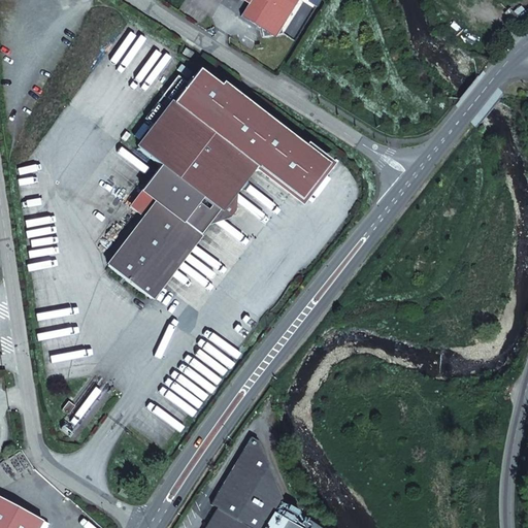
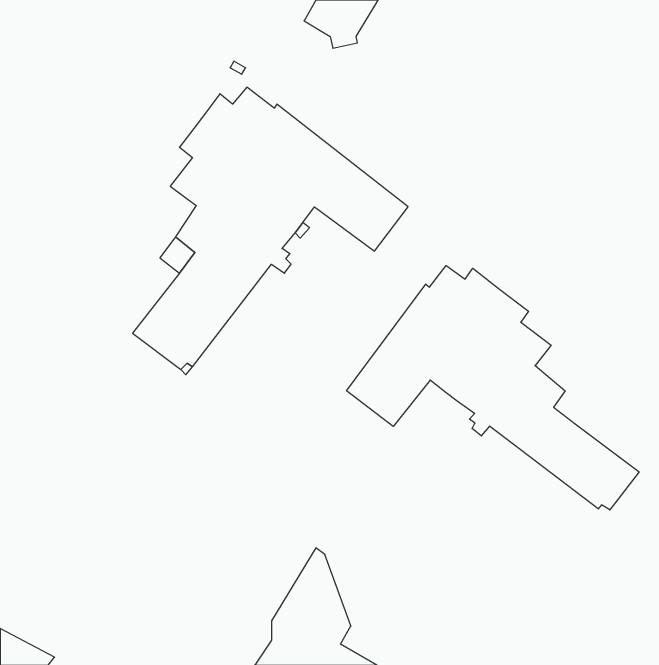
building: none -> [347,266,639,510]

